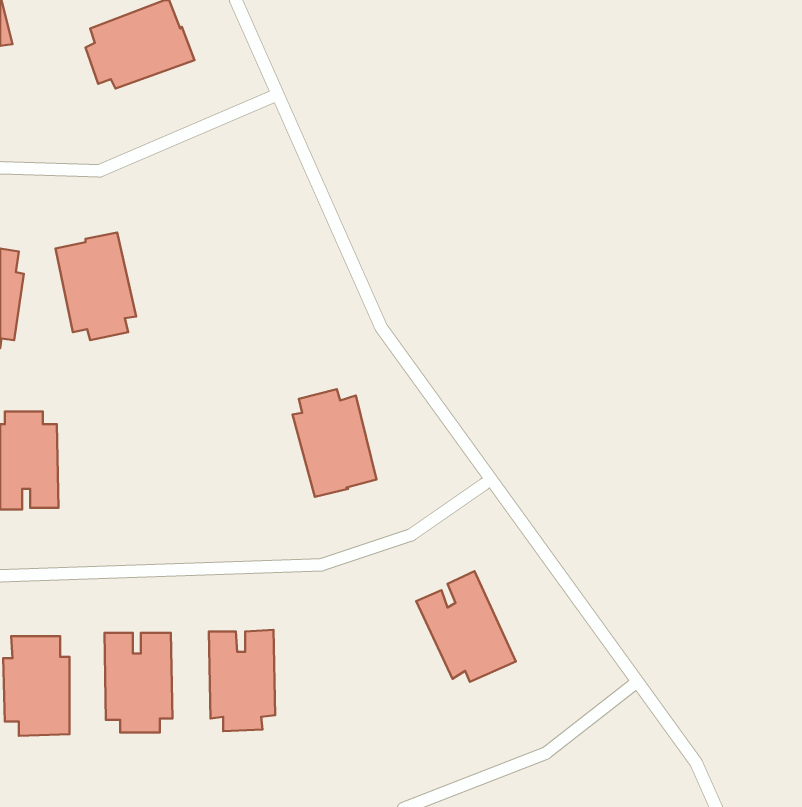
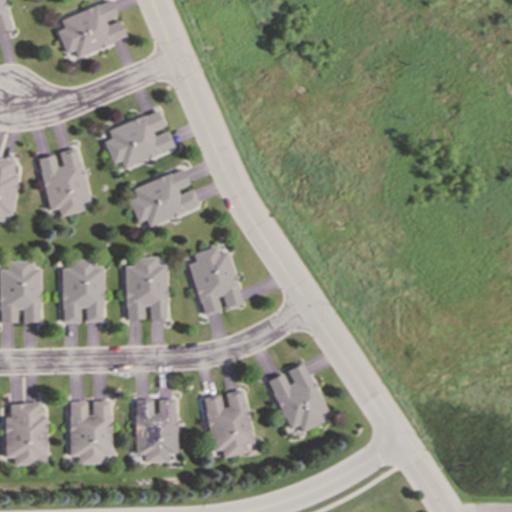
building: none -> [105,112,175,166]
building: none -> [130,169,199,226]
building: none -> [126,257,167,319]
building: none -> [62,259,104,322]
building: none -> [204,390,253,458]

